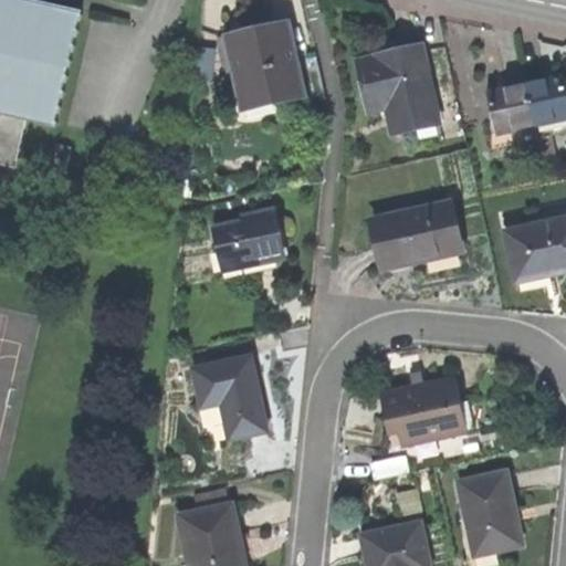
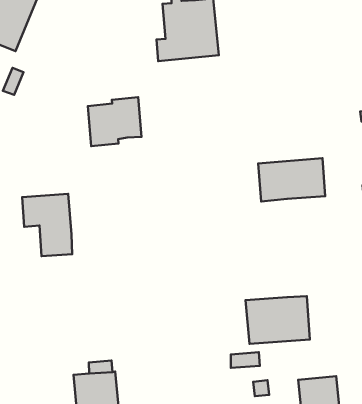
building: [358,45,446,134] -> none
building: [213,207,285,275] -> [88,97,142,146]
building: [193,355,265,437] -> [22,194,72,256]

